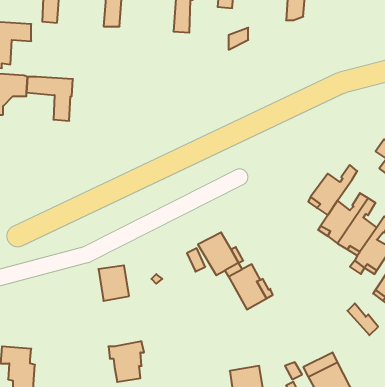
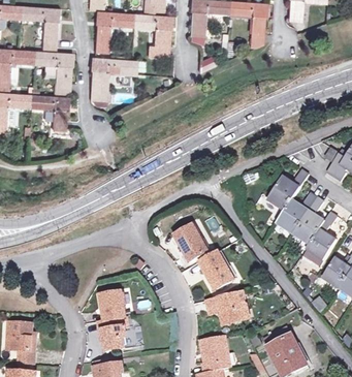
building: none -> [34,51,73,95]
building: none -> [91,58,136,102]
building: [98,265,129,301] -> [100,292,126,322]
building: none -> [206,293,248,325]

